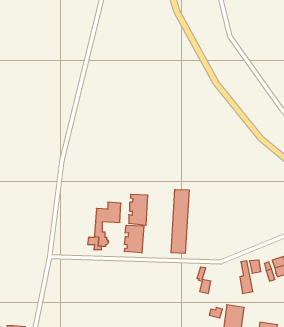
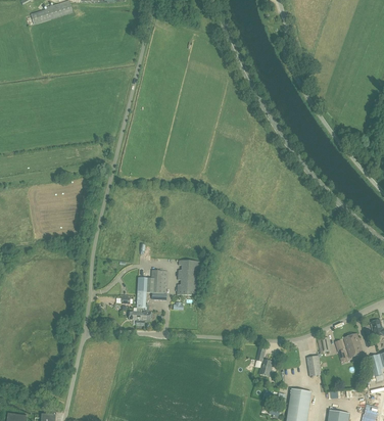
building: [171,189,189,253] -> none
building: [125,225,144,253] -> none

